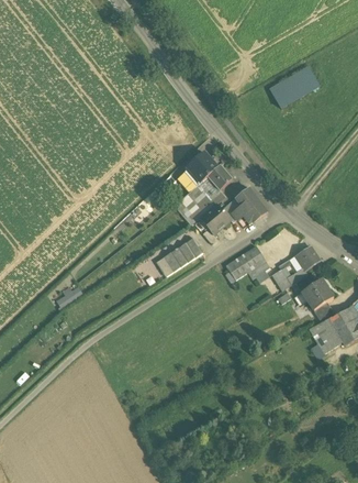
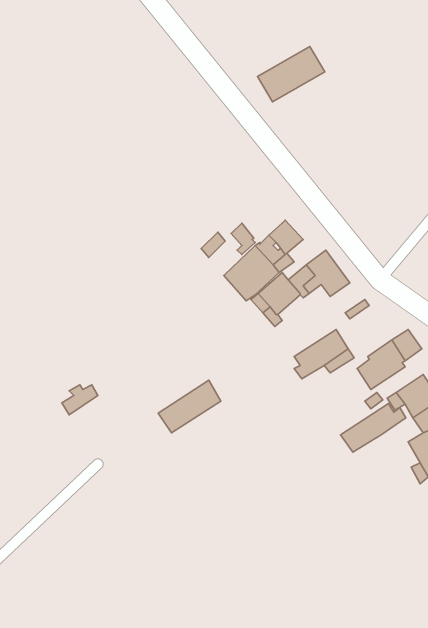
building: [270,67,320,108] -> [257,46,325,102]
building: [187,152,217,183] -> none
building: [157,237,203,275] -> [158,380,221,433]
building: none -> [341,404,406,452]

